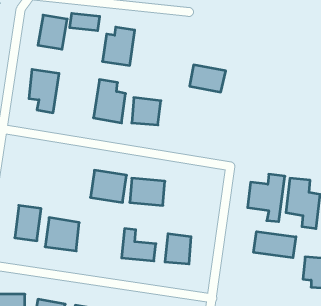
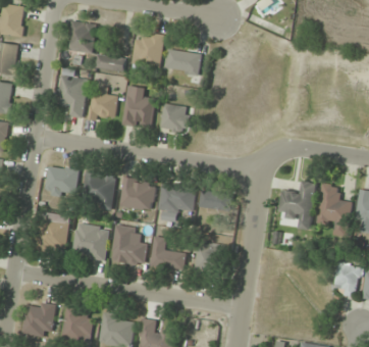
building: [70,13,100,31] -> [96,54,126,71]
building: [190,65,226,92] -> [166,49,203,77]
building: none -> [91,88,117,119]
building: none -> [45,165,80,198]
building: none -> [85,171,116,208]
building: none -> [200,190,231,210]
building: none -> [111,225,148,265]
building: [254,232,296,258] -> none

